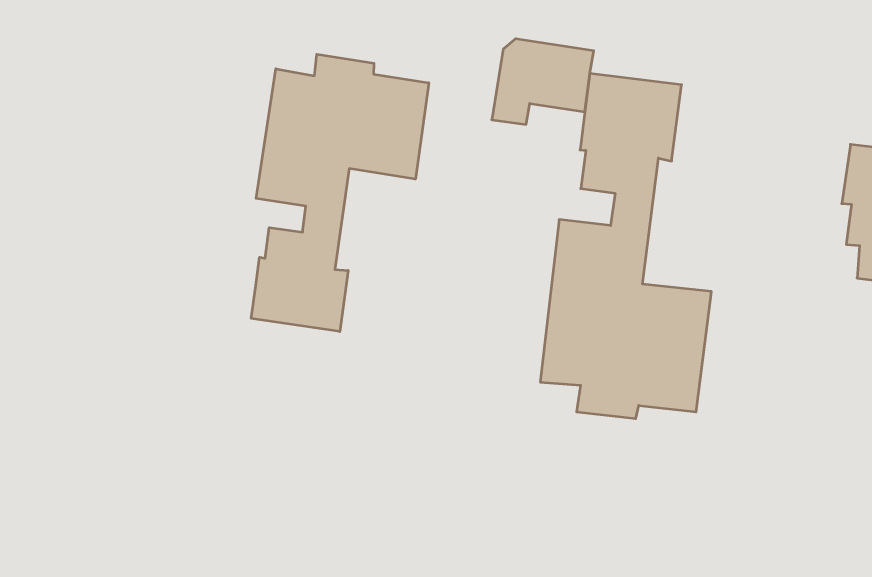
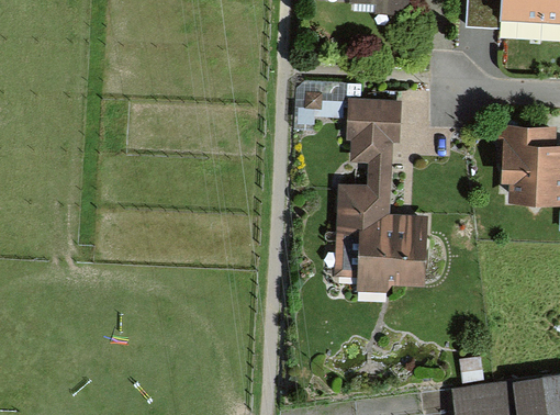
building: [251,54,429,332] -> none

